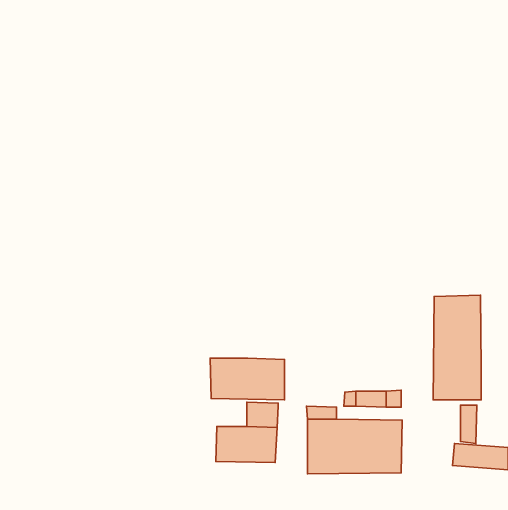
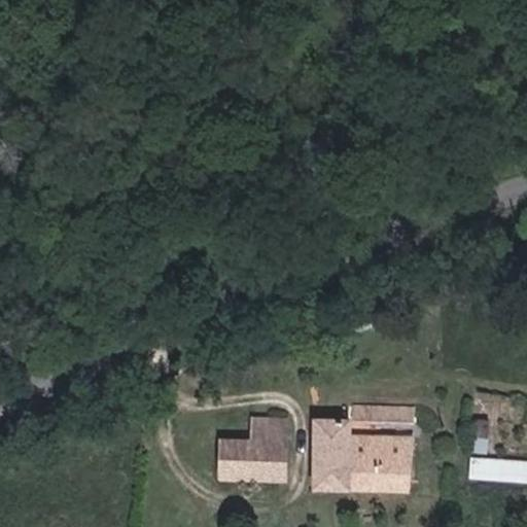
building: [433,295,481,400] -> none
building: [210,358,285,400] -> none

